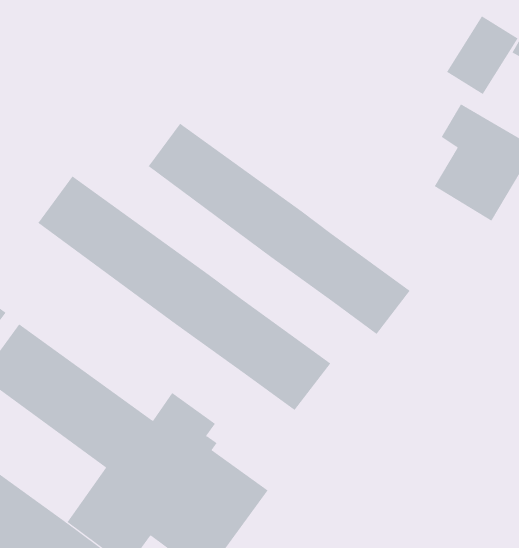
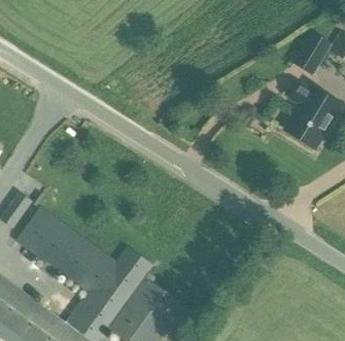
building: [148,123,411,335] -> none
building: [37,176,331,411] -> none

